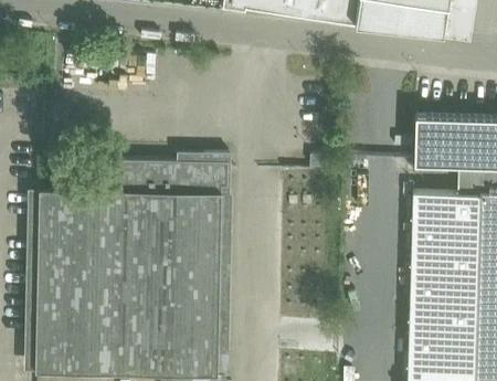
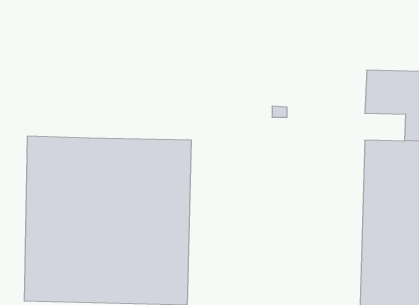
building: [108,156,231,195] -> none

